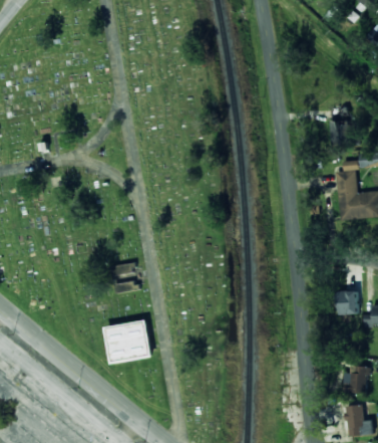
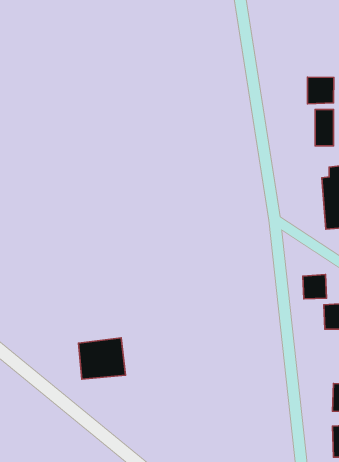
building: none -> [308,77,334,104]
building: none -> [303,274,327,299]

